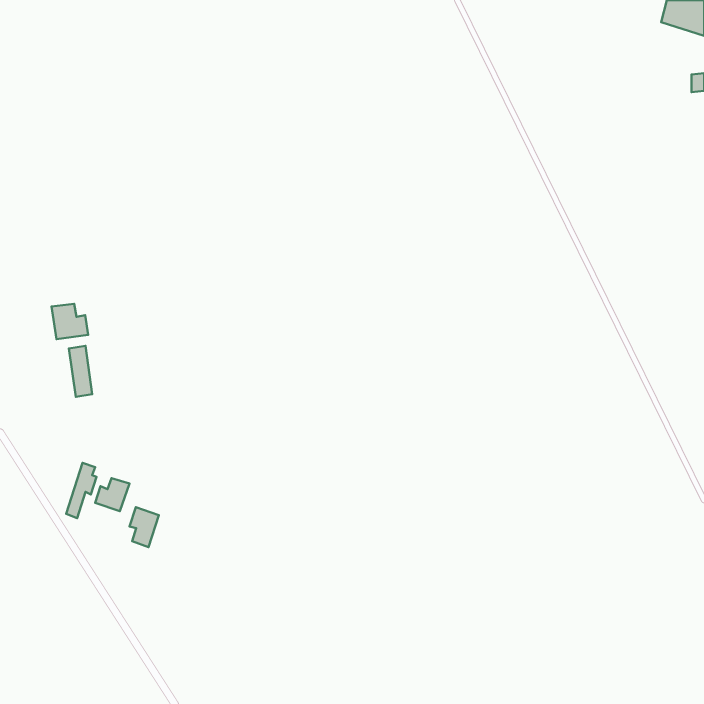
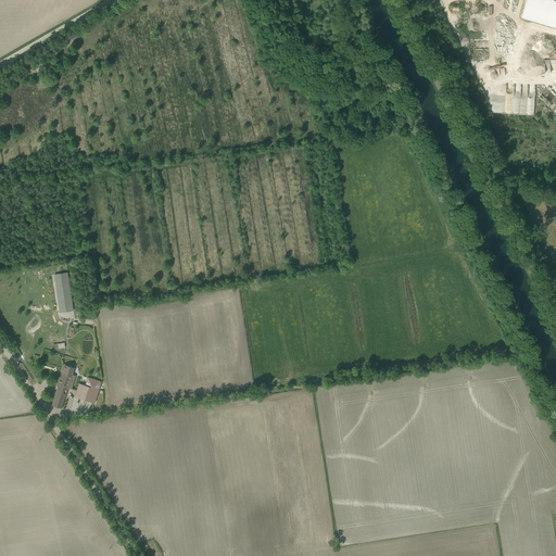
building: [51,304,88,339] -> none
building: [129,507,159,547] -> none

